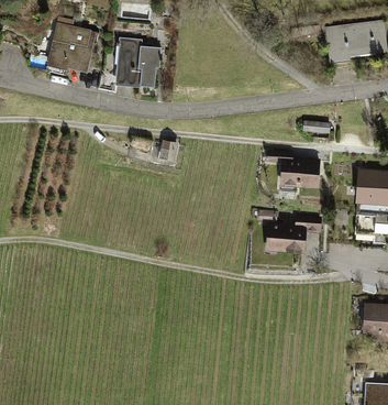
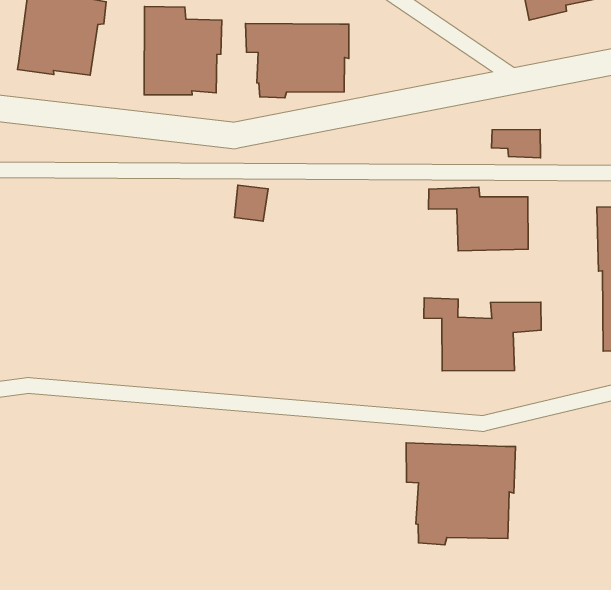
building: none -> [245,23,349,98]
building: none -> [406,443,515,545]

